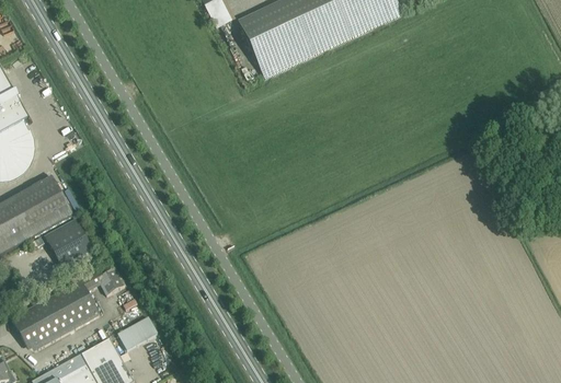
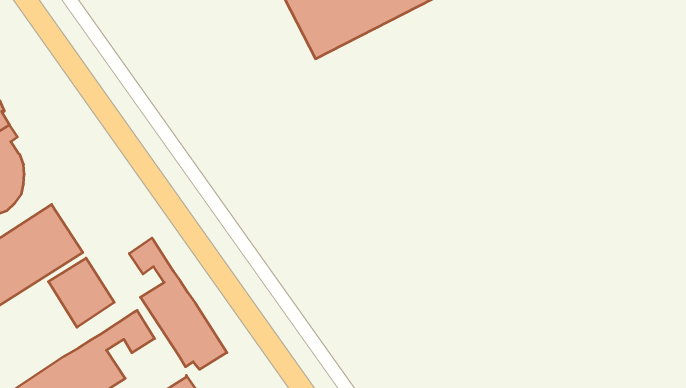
building: none -> [129,238,227,369]

